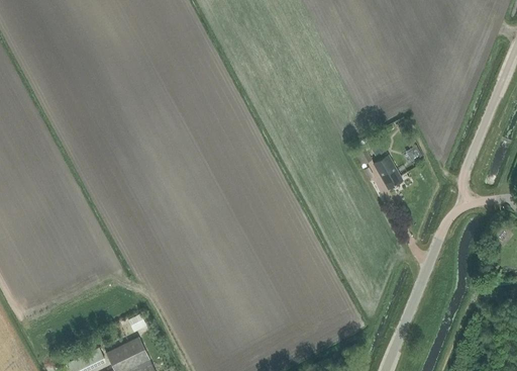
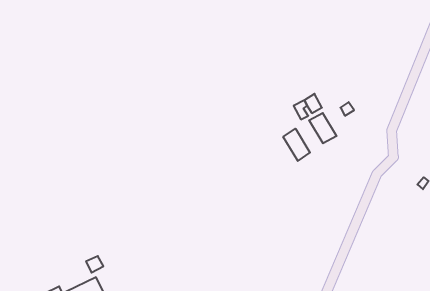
building: none -> [283,129,310,161]

